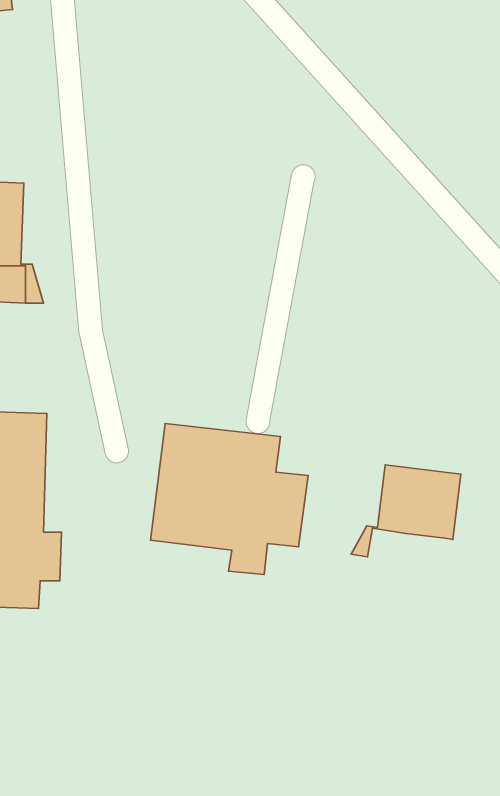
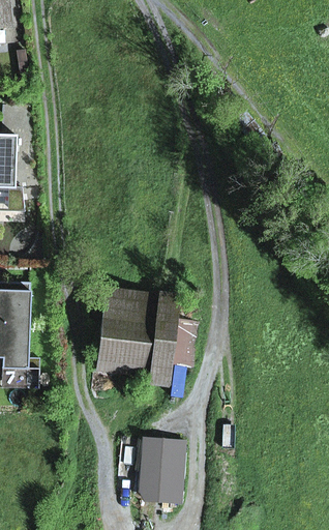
building: [351,465,461,557] -> none
building: none -> [140,438,185,502]

